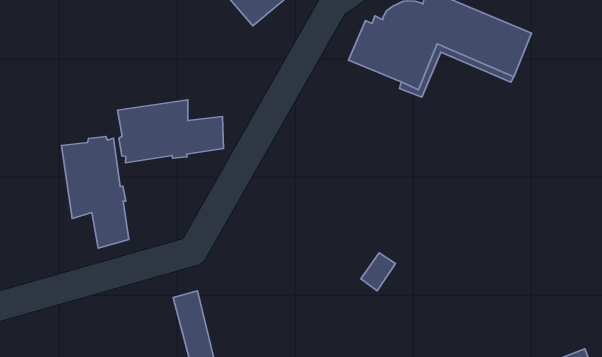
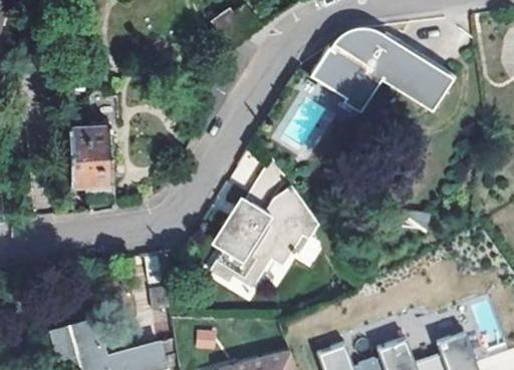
building: [117,100,224,163] -> none
building: none -> [210,152,321,284]

